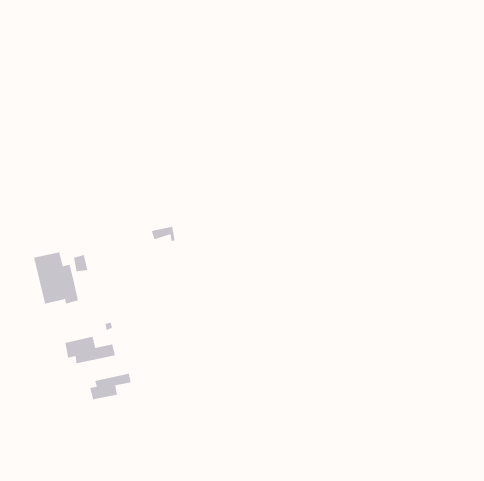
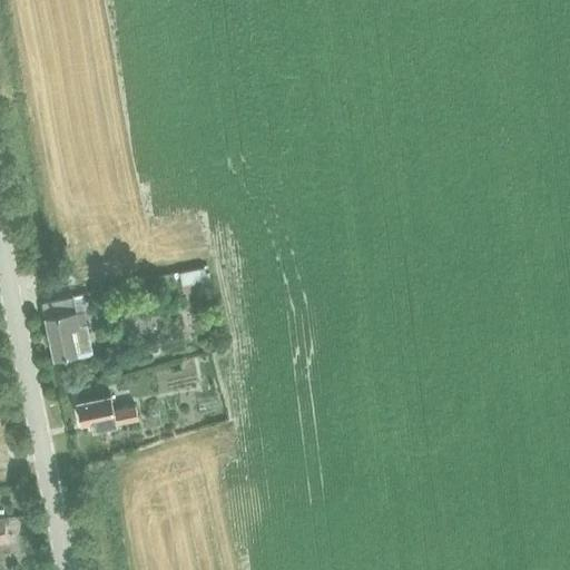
building: [89,373,132,400] -> none

